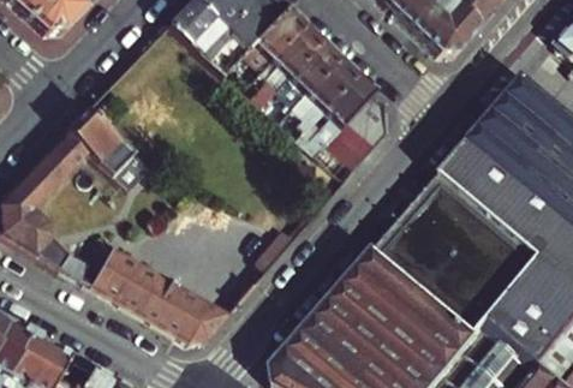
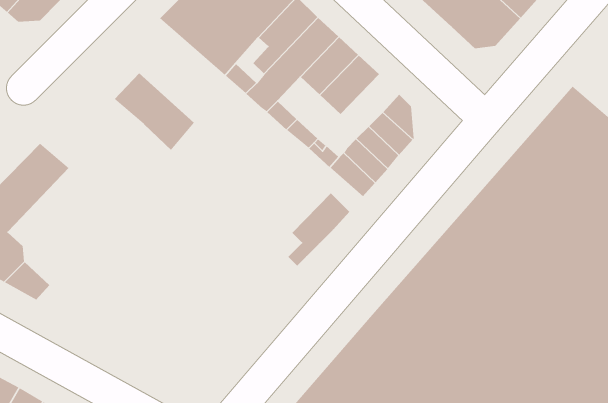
building: [321,72,375,136] -> [287,192,350,266]
building: [66,108,136,175] -> [114,72,195,151]
building: [91,246,231,338] -> none

